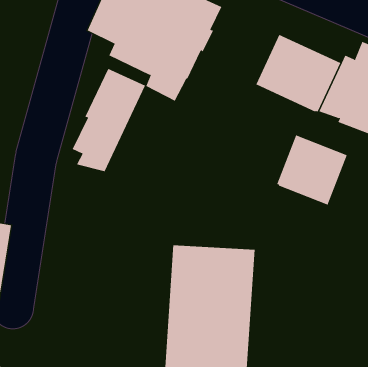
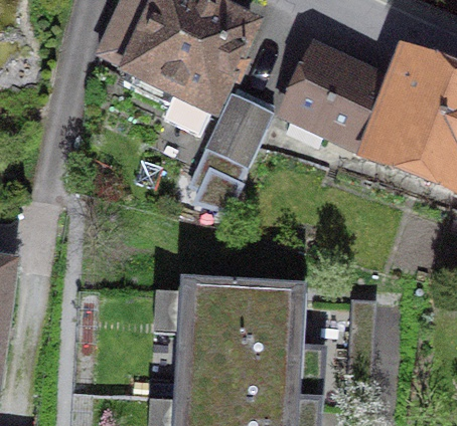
building: [72,68,146,172] -> [192,90,275,206]
building: [277,135,347,205] -> none

